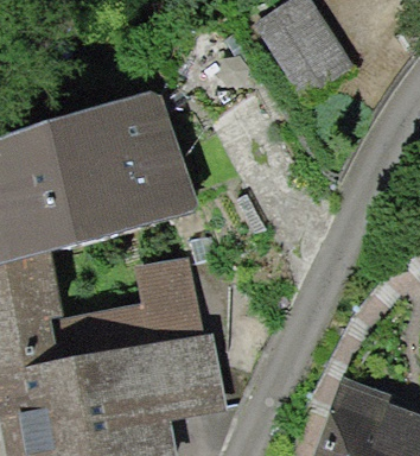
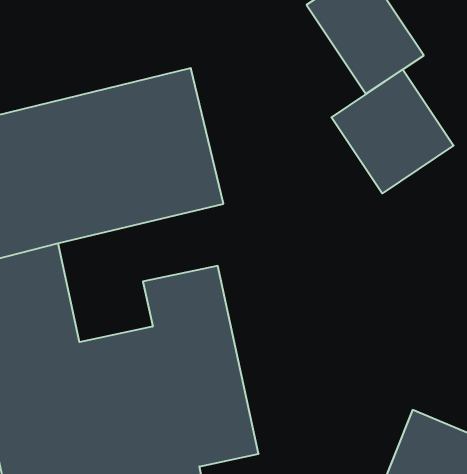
building: none -> [331,69,454,193]

